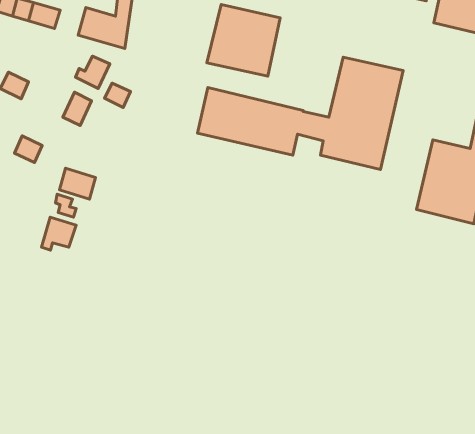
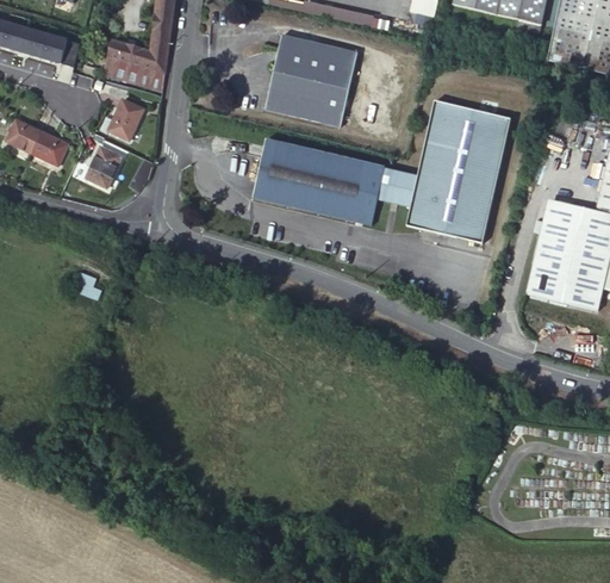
building: [105,83,131,107] -> none
building: [14,136,42,163] -> [32,131,67,165]
building: [59,168,96,199] -> none
building: [41,217,76,250] -> none

